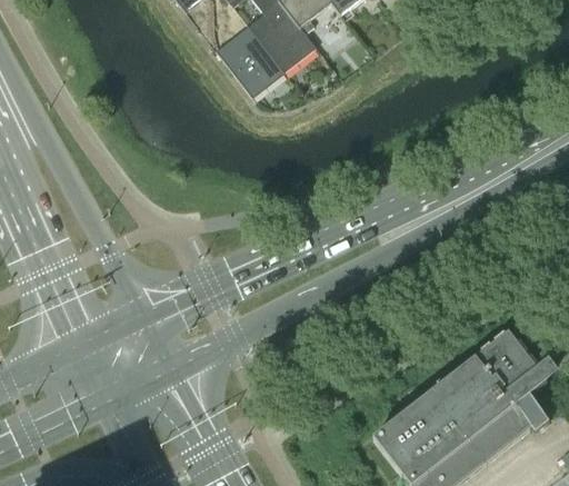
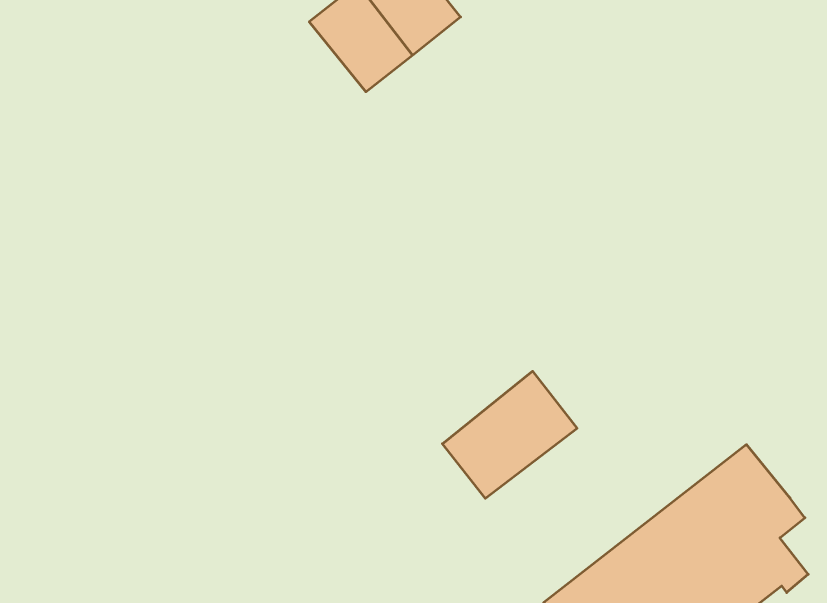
building: none -> [442,371,577,498]

